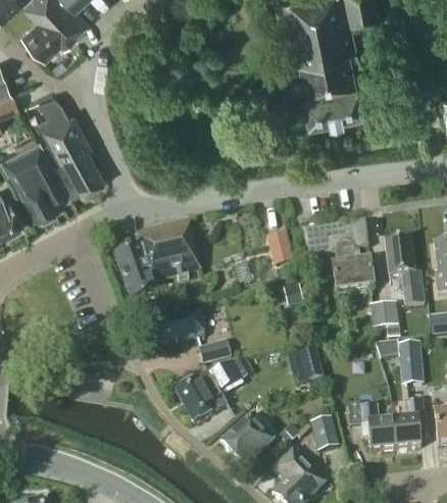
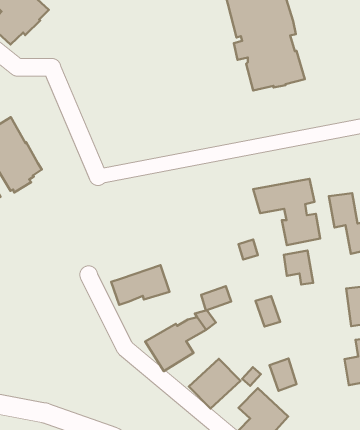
building: [38,92,105,189] -> none
building: [114,219,200,298] -> none
building: [266,233,292,263] -> none
building: [369,300,400,337] -> [284,251,313,284]
building: [198,338,231,363] -> [201,286,231,310]
building: [347,400,395,450] -> none

